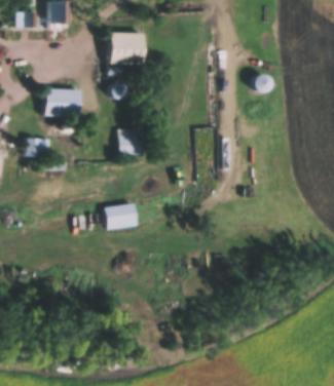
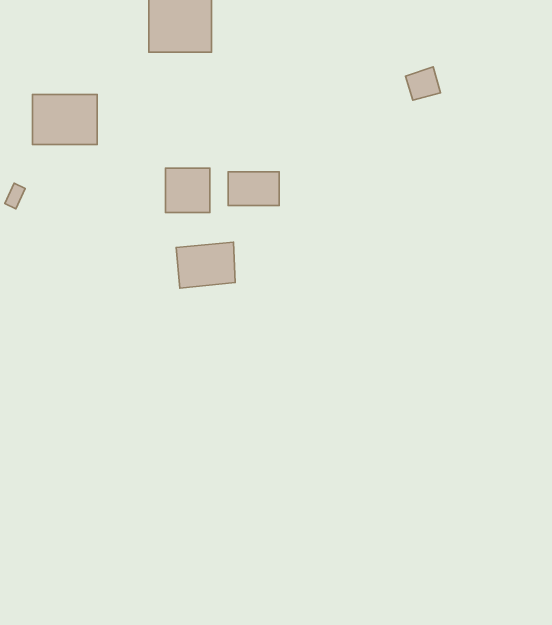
building: none -> [228,172,279,206]
building: [105,203,138,229] -> [176,242,235,288]

